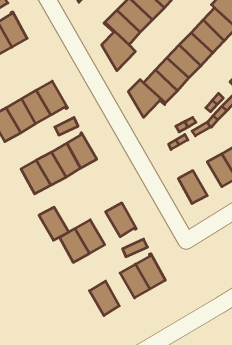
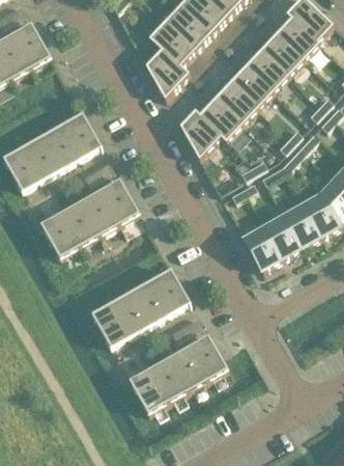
building: none -> [262,215,299,258]
building: [39,207,69,240] -> [131,279,169,322]
building: none -> [150,358,188,401]

